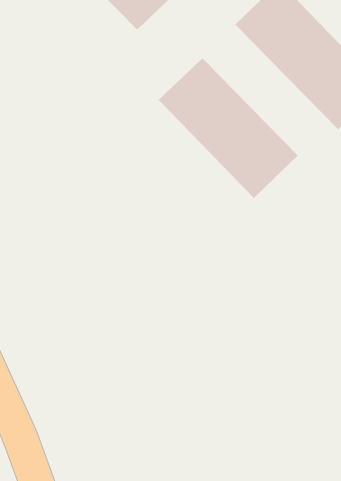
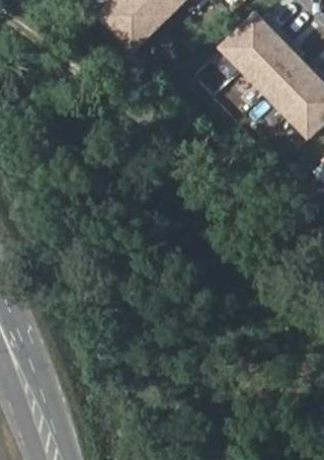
building: [158,58,299,199] -> none

